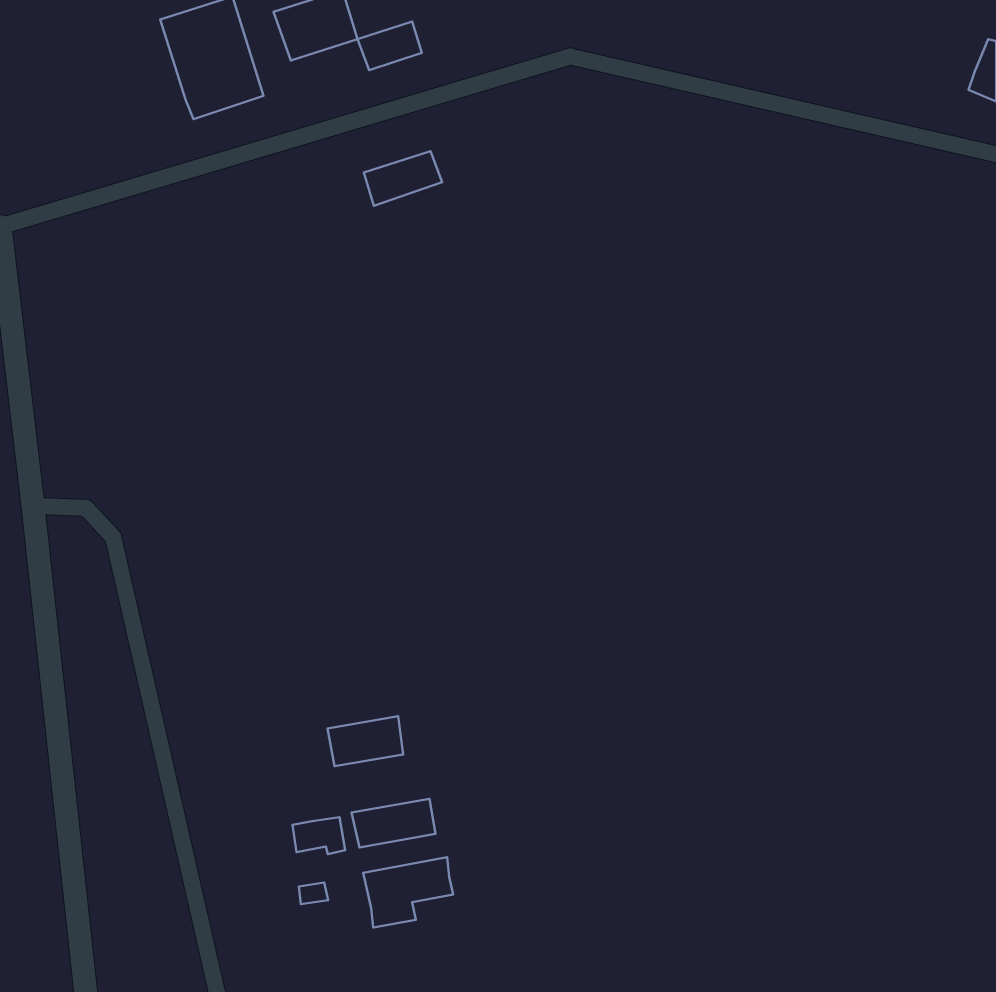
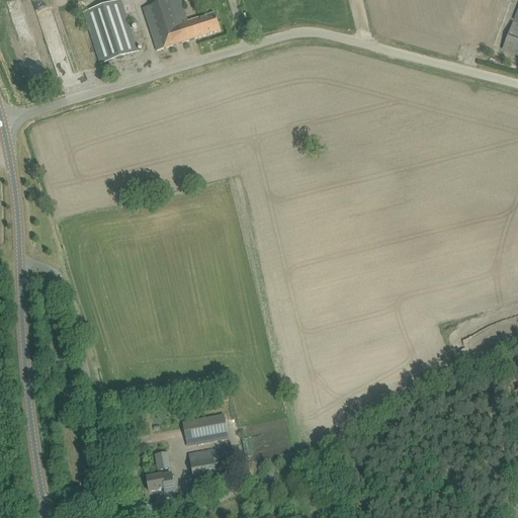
building: [364,151,442,206] -> [151,20,191,49]
building: [327,716,403,766] -> none
building: [293,817,345,854] -> [146,471,173,491]

